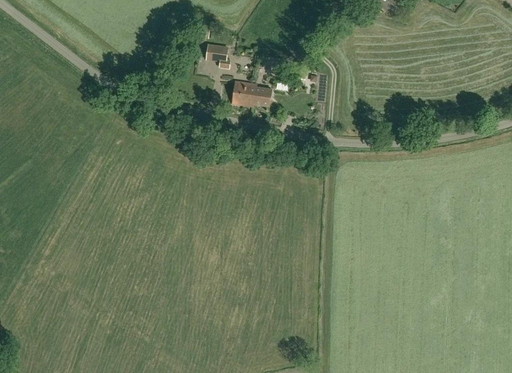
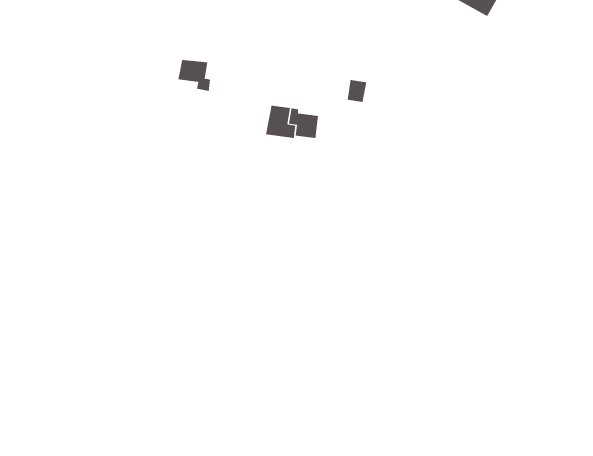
building: [205,45,230,69] -> [177,59,211,92]

